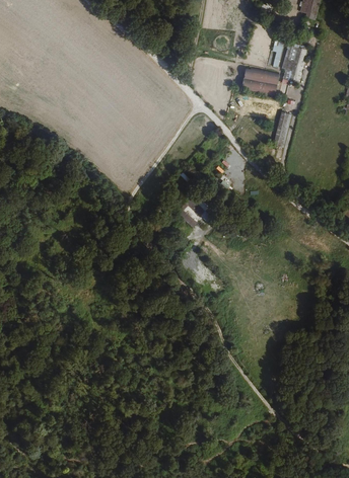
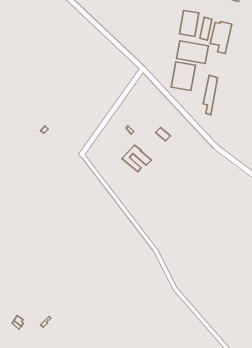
building: none -> [179,10,199,36]
building: none -> [171,62,195,90]

